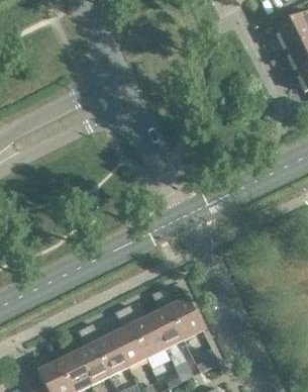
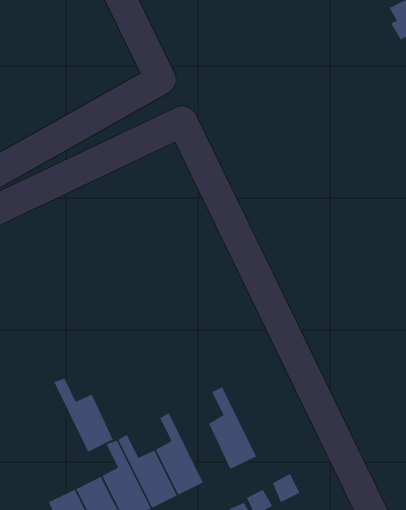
building: [161,285,204,337] -> none
building: [123,303,166,356] -> [53,378,114,453]

